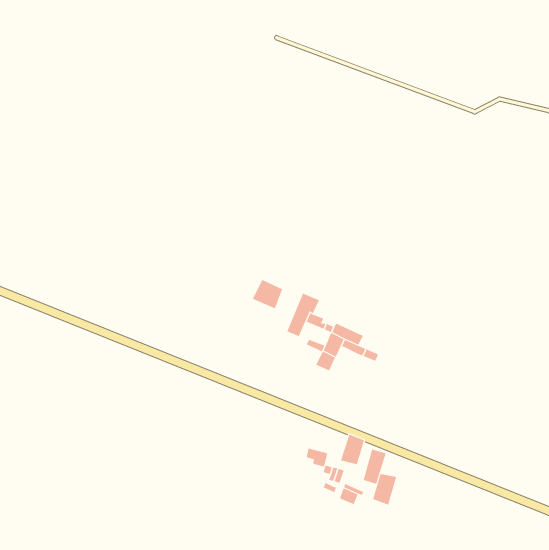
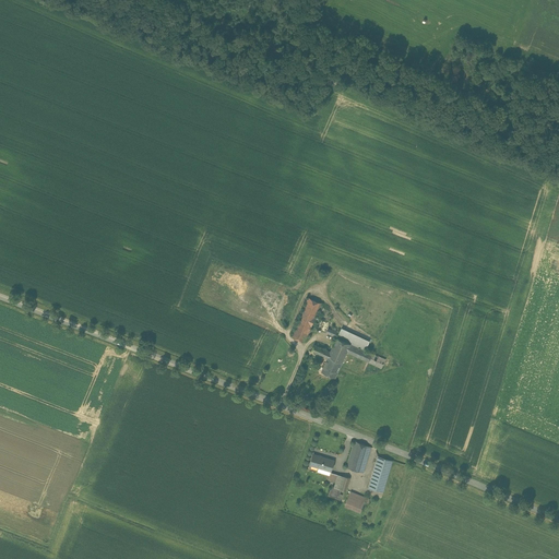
building: [252,279,283,309] -> none
building: [372,473,397,505] -> none

